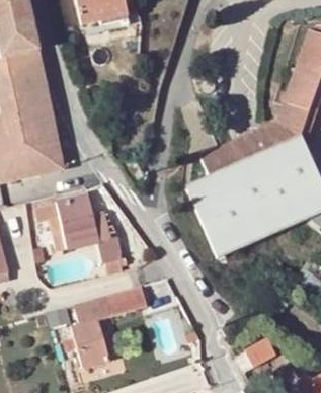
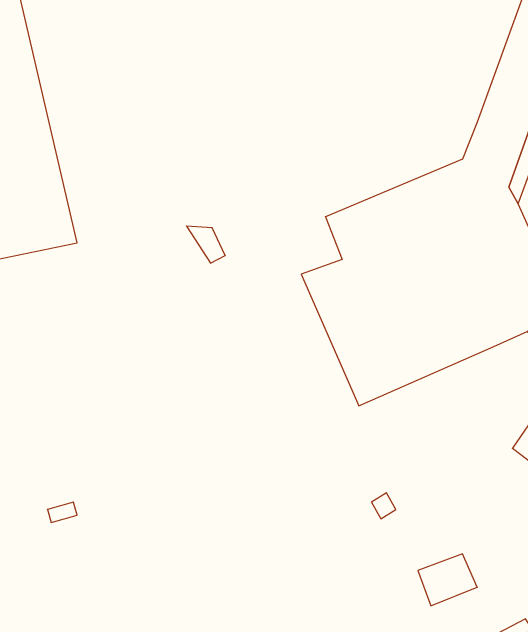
building: [36,186,124,273] -> none
building: [66,286,148,368] -> none

